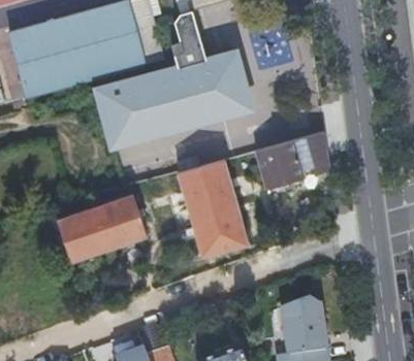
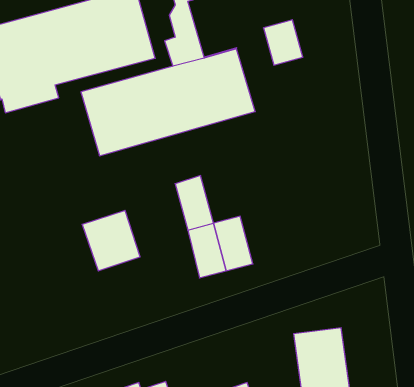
building: [256,129,327,187] -> none
building: [200,158,235,206] -> none
building: [58,207,109,262] -> none

